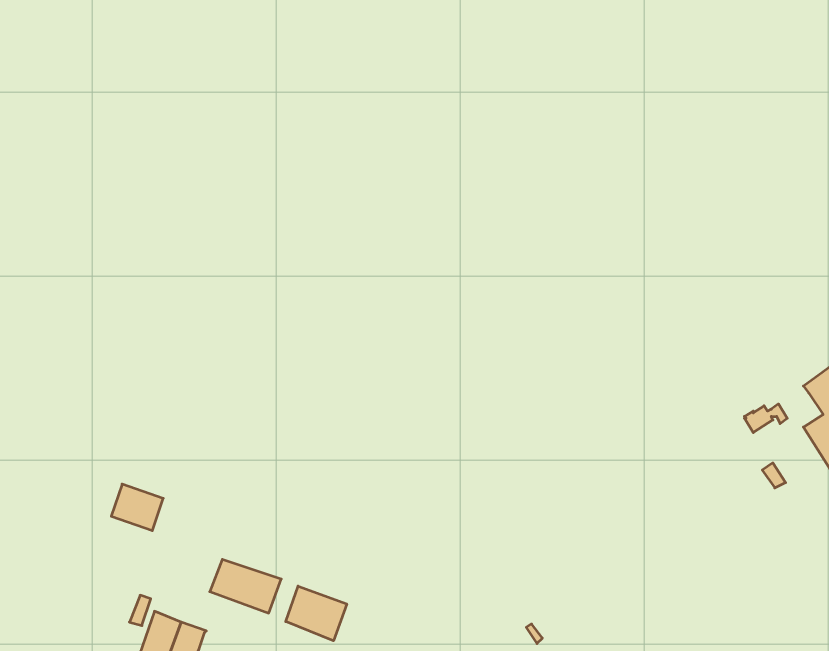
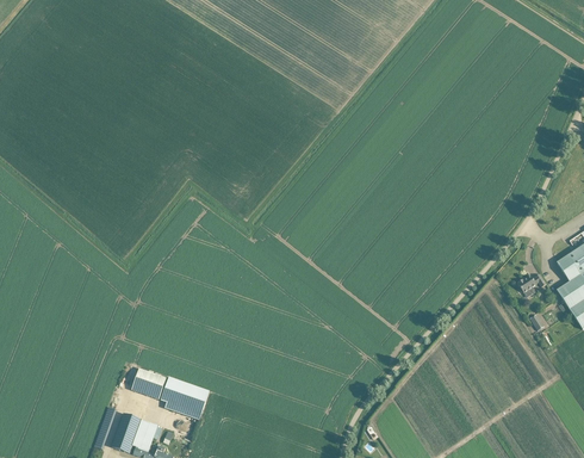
building: [111,484,163,531] -> [132,367,167,398]
building: [286,586,347,641] -> none

